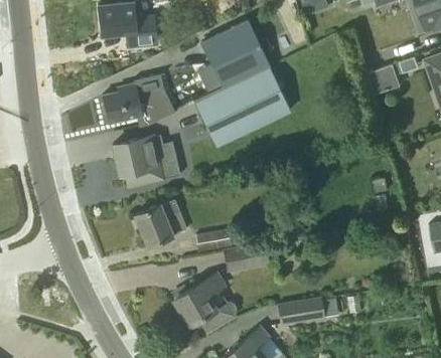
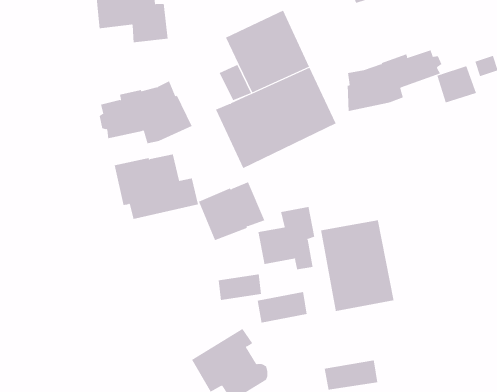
building: none -> [347,49,442,112]
building: none -> [258,206,315,270]
building: none -> [321,220,394,312]
building: [133,199,186,246] -> [198,181,265,241]

